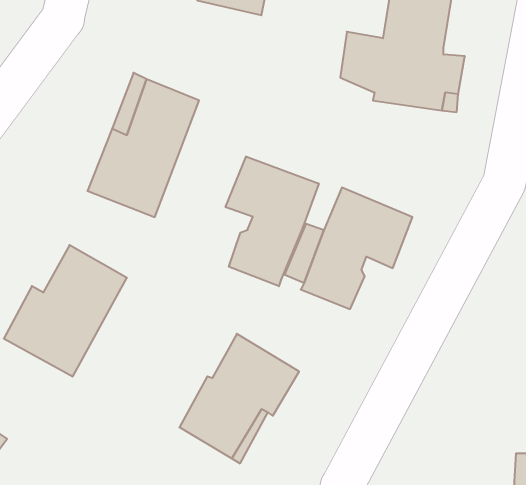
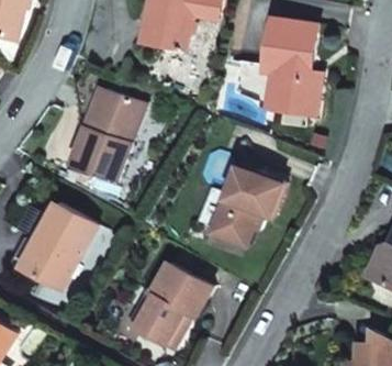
building: [226,156,319,286] -> none

